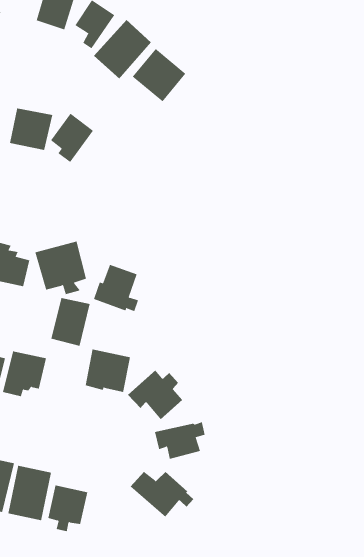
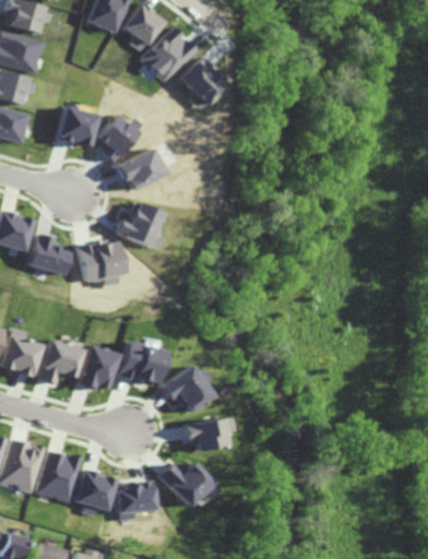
building: none -> [116,148,164,190]
building: [93,264,139,312] -> [116,202,159,249]
building: [50,298,91,346] -> [76,345,117,393]
building: none -> [114,479,154,514]

